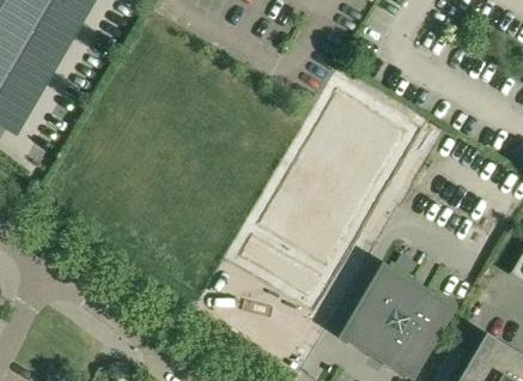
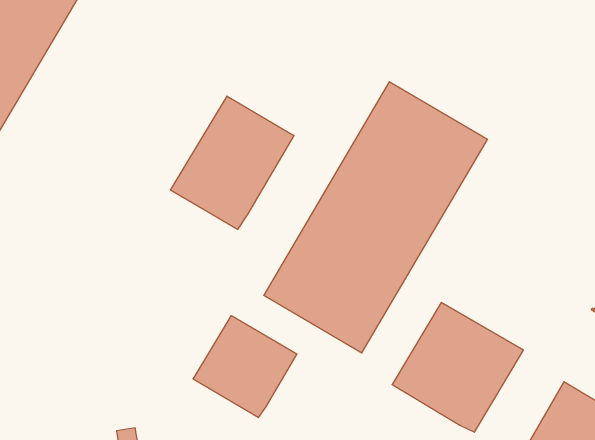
building: none -> [171,96,294,229]
building: none -> [193,316,297,418]

